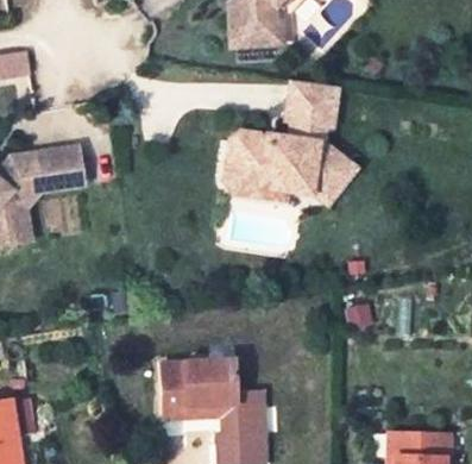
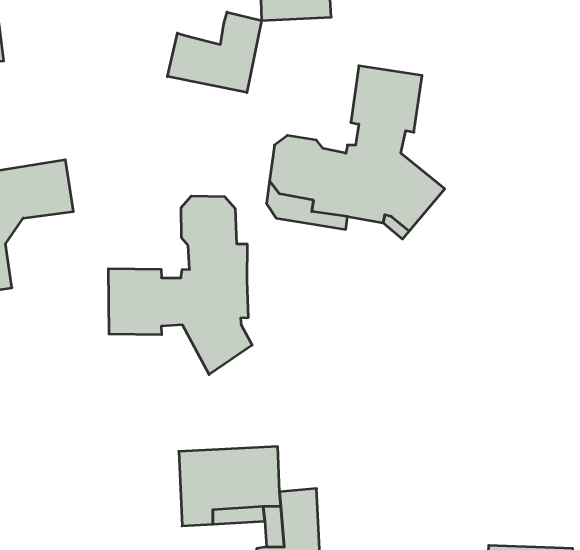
building: none -> [167,12,262,93]
building: none -> [108,196,252,375]

